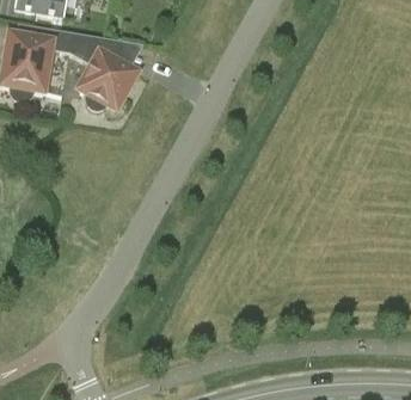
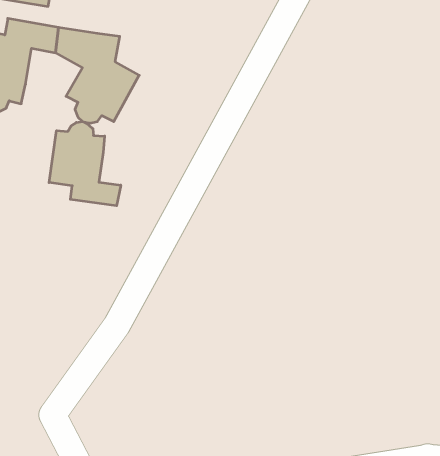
building: none -> [49,122,121,206]

